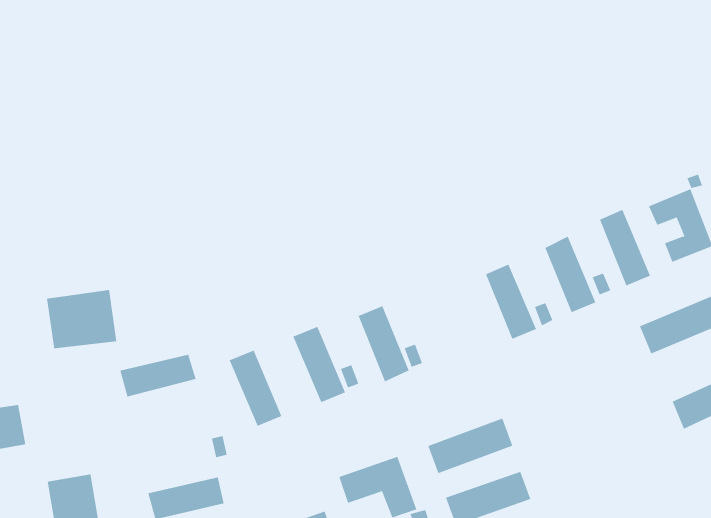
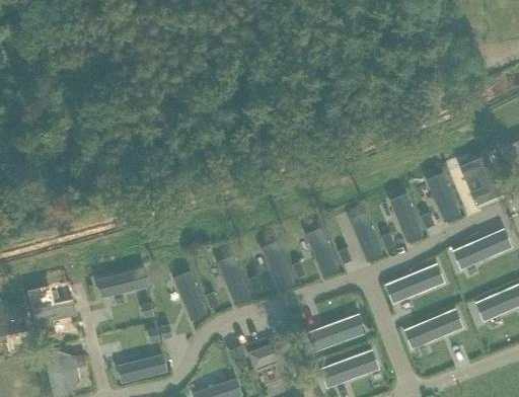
building: none -> [302,222,339,274]
building: [46,290,117,349] -> [31,283,80,323]
building: none -> [383,264,442,304]
building: none -> [402,308,461,348]

